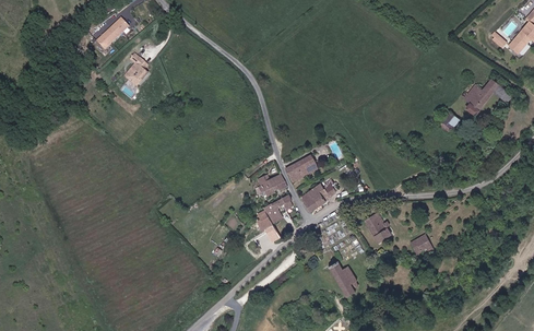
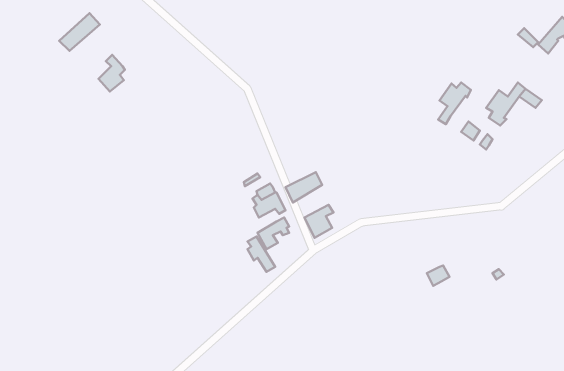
building: none -> [438,82,471,124]
building: [365,212,393,243] -> none
building: [325,260,356,298] -> none

